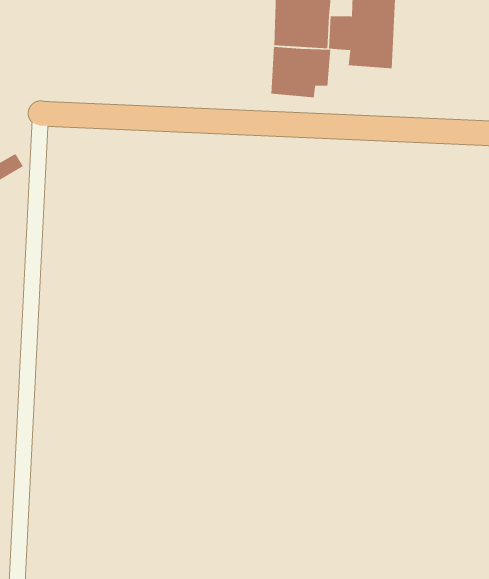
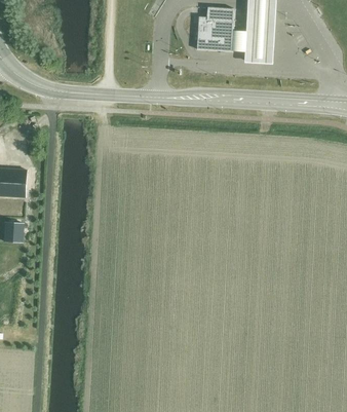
building: [271,46,331,98] -> none

